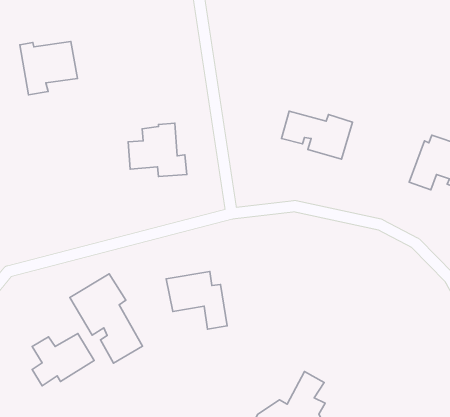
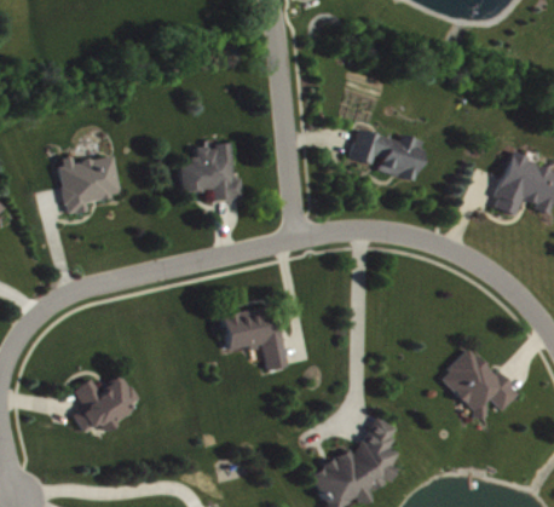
building: [20,41,77,95] -> [56,155,120,214]
building: [70,274,143,363] -> none
building: none -> [438,348,519,417]

